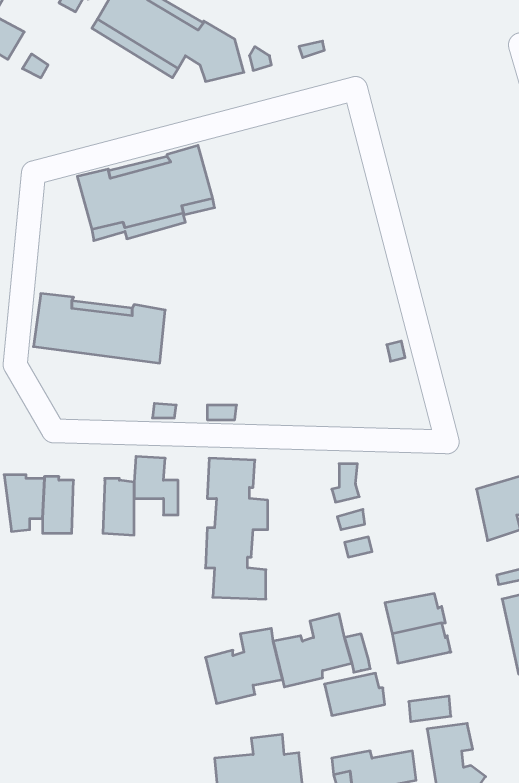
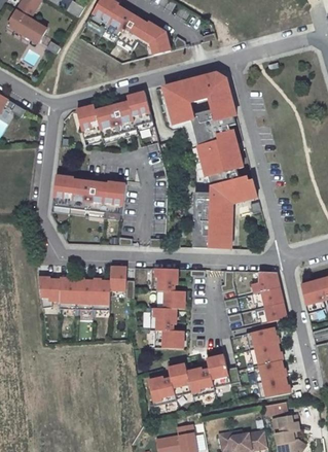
building: none -> [165,72,258,247]
building: none -> [252,270,287,322]
building: none -> [74,278,93,309]
building: none -> [246,326,280,348]
building: [324,673,385,715] -> [257,376,291,399]

